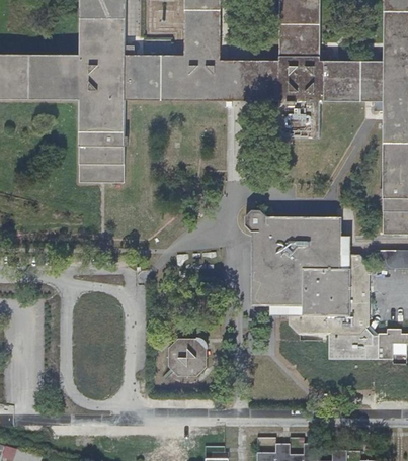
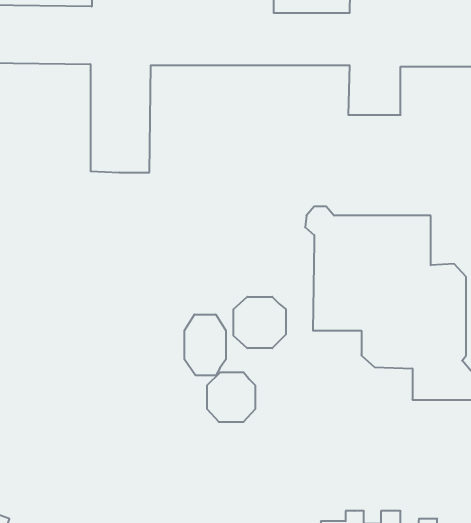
building: none -> [233,297,286,348]
building: none -> [184,314,226,375]

